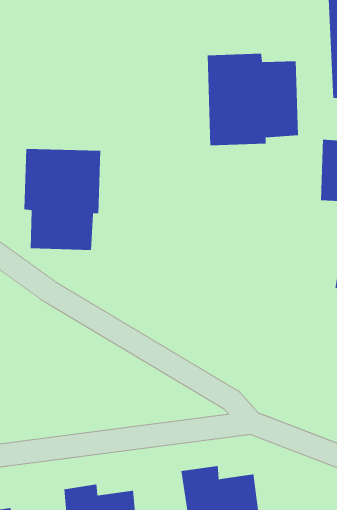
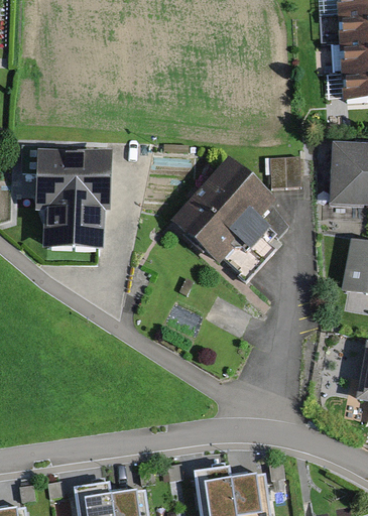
building: [207,53,299,146] -> none
building: none -> [269,156,300,186]
building: none -> [171,159,287,283]

